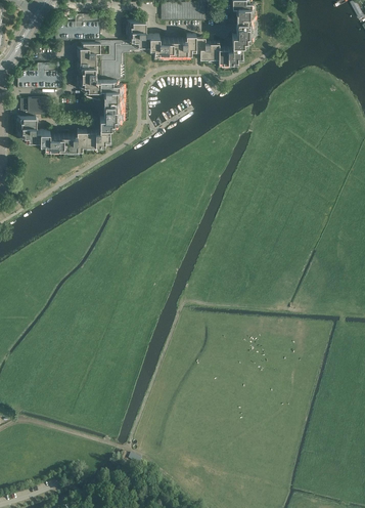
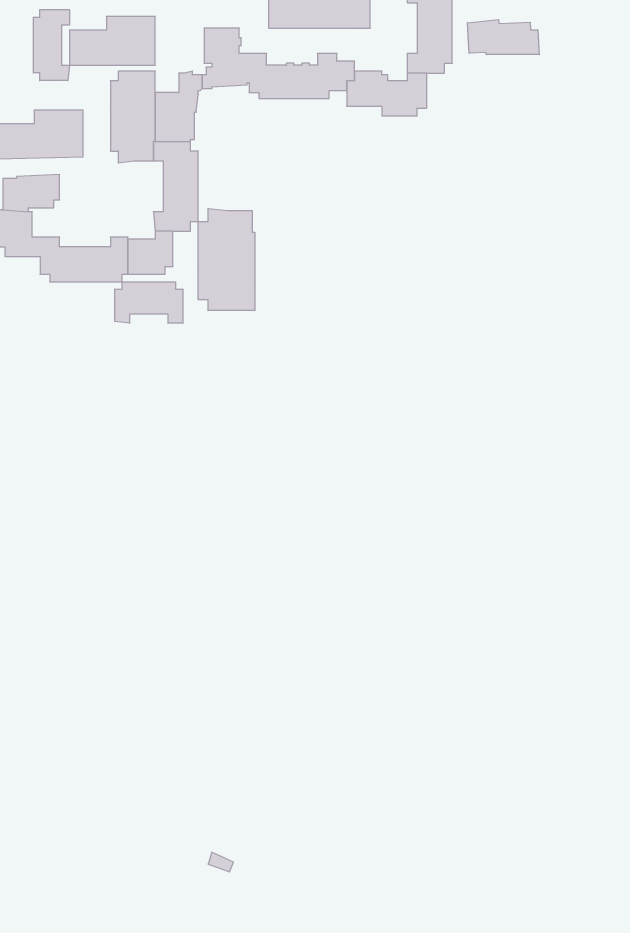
building: none -> [33,10,69,81]
building: none -> [468,20,539,55]
building: none -> [198,208,255,311]
building: none -> [115,282,183,323]

